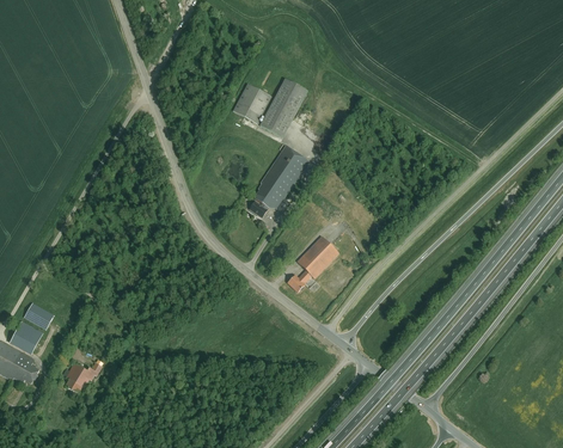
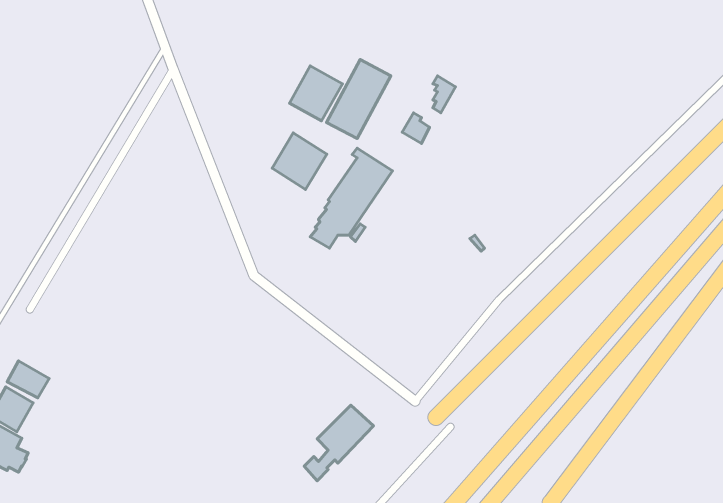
building: none -> [272,133,327,189]
building: [287,237,338,293] -> [304,405,373,481]
building: [65,362,100,394] -> none

